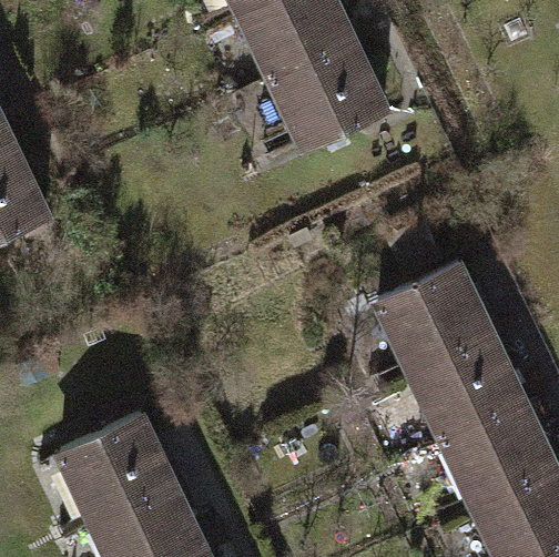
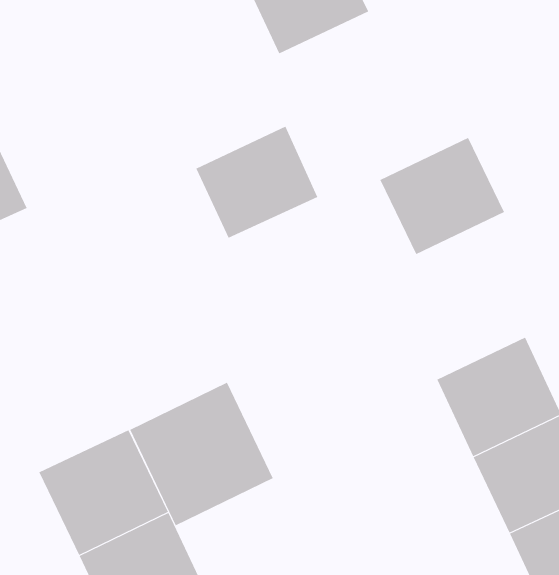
building: [271,42,379,142] -> [196,126,318,239]
building: [378,264,489,368] -> [380,137,505,255]
building: none -> [129,382,273,526]

